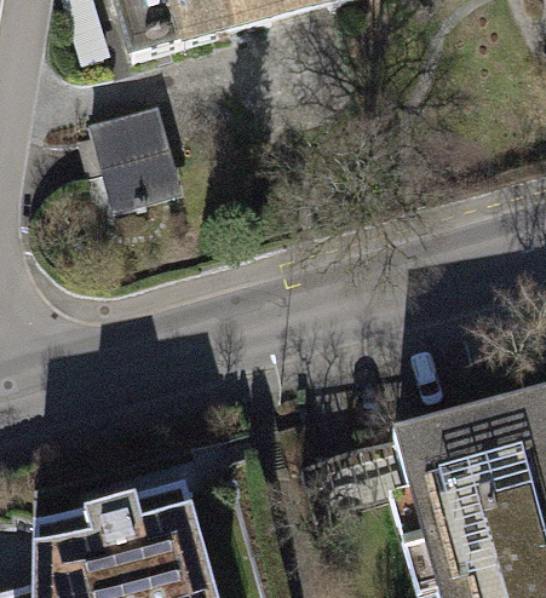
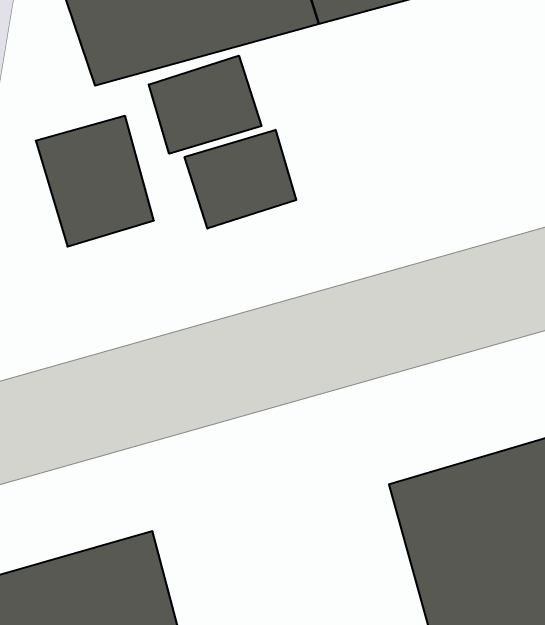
building: none -> [149,56,262,154]
building: none -> [185,130,296,229]

